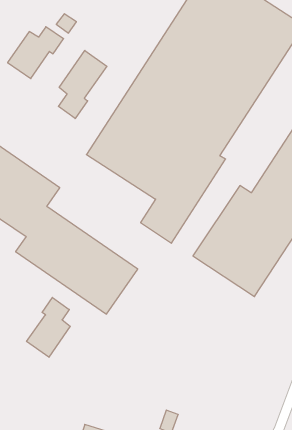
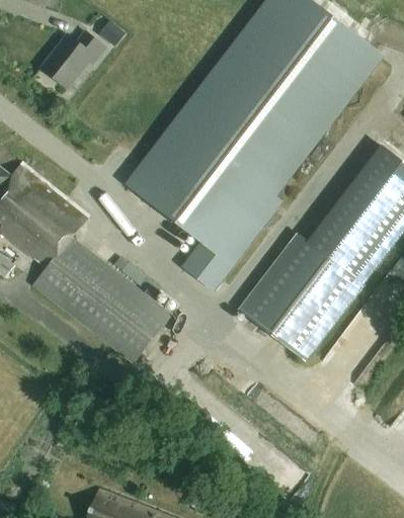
building: [58,50,107,119] -> none
building: [27,297,70,357] -> none

